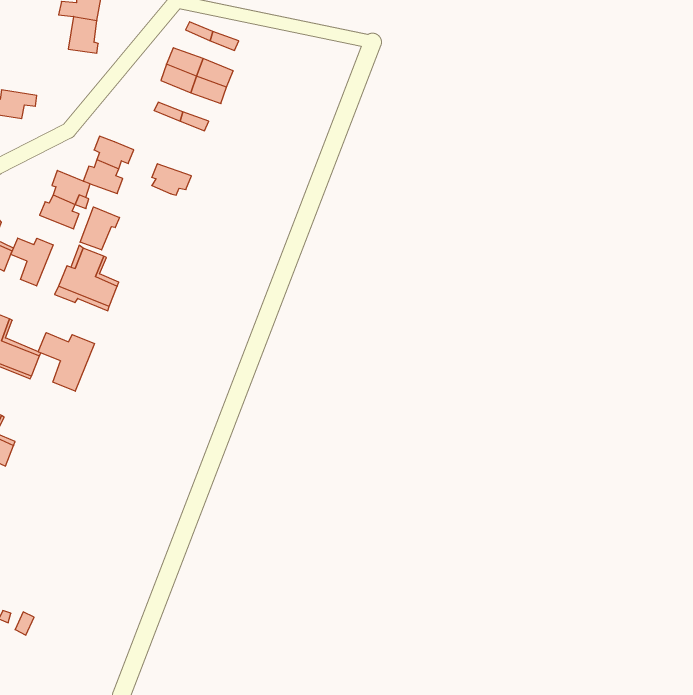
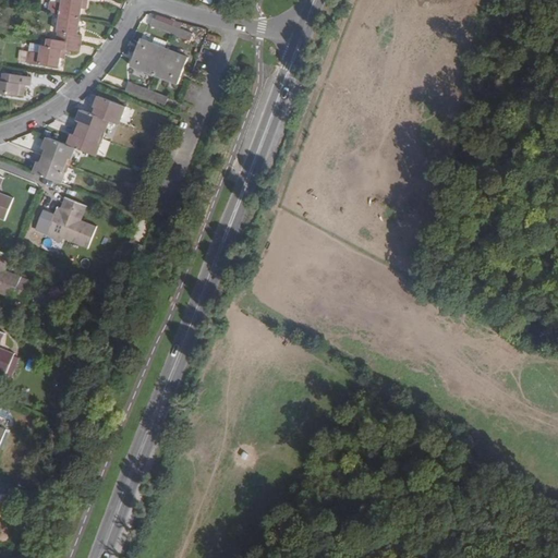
building: none -> [25,37,77,66]
building: [152,164,191,195] -> [92,96,123,121]
building: [80,207,119,250] -> none
building: [11,238,53,286] -> none
building: [38,333,94,391] -> none

